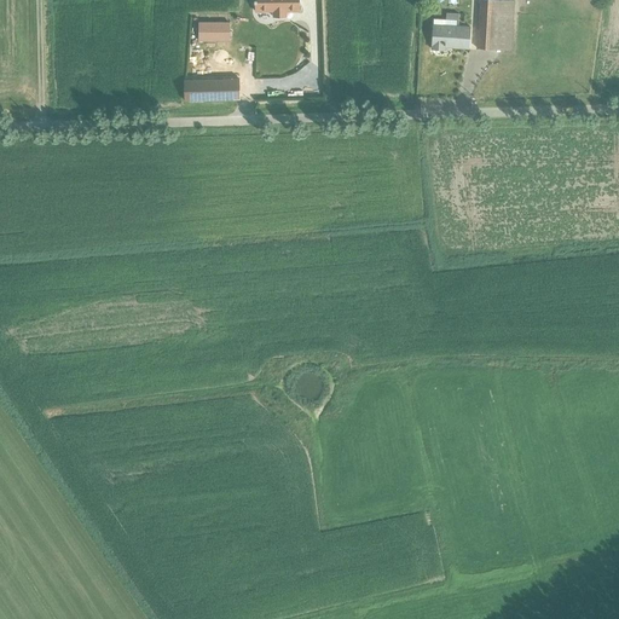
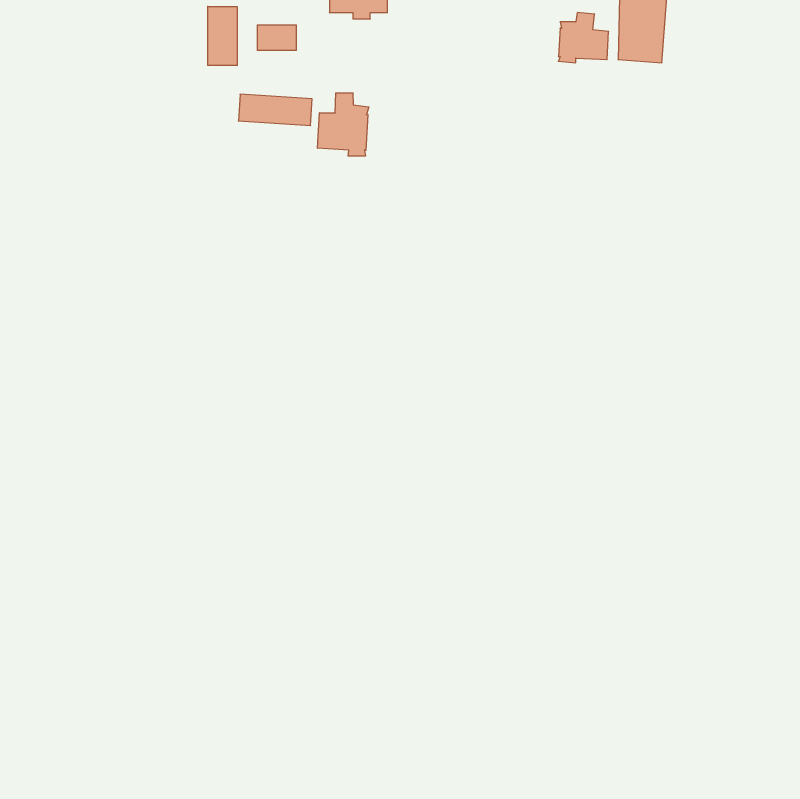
building: none -> [208,6,237,66]
building: none -> [318,93,369,156]

